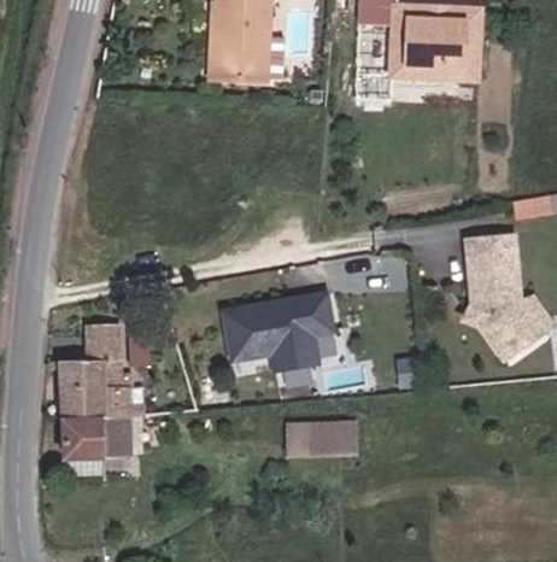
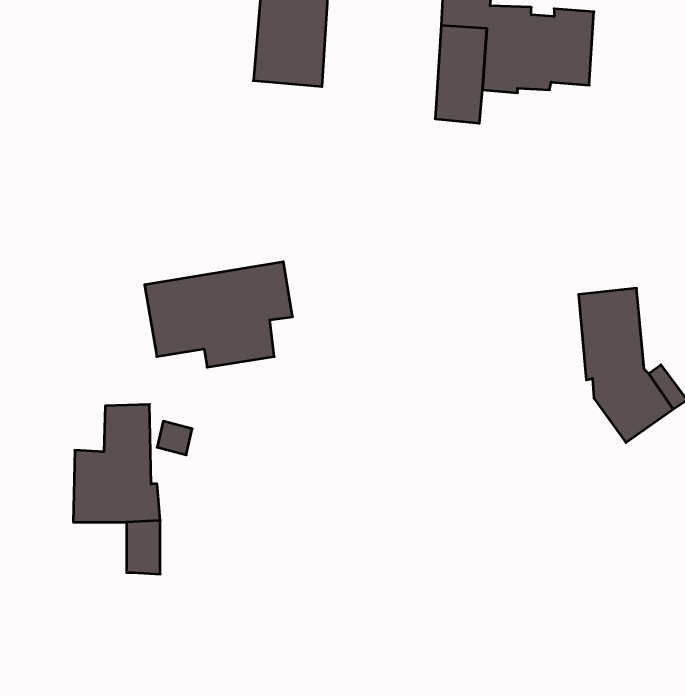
building: [225,287,342,370] -> [145,262,293,367]
building: [64,418,107,458] -> none
building: [289,422,356,455] -> none

